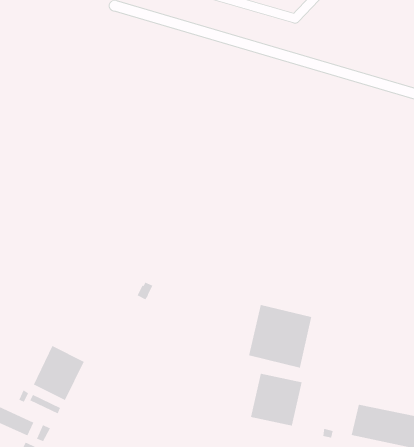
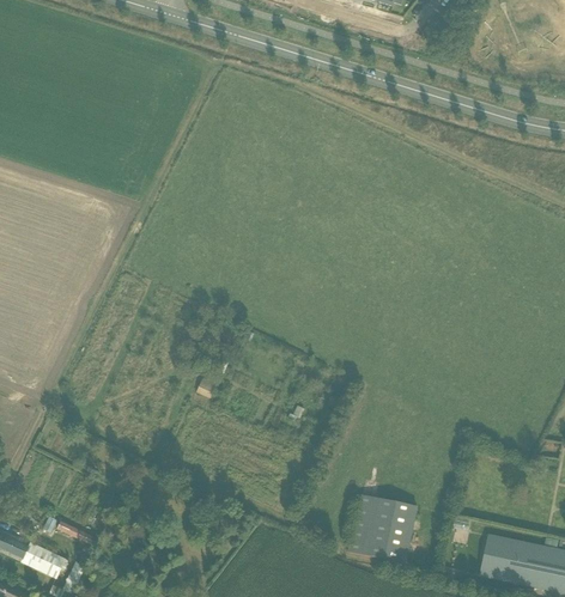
building: [248,304,312,368] -> none
building: [33,345,84,401] -> none

